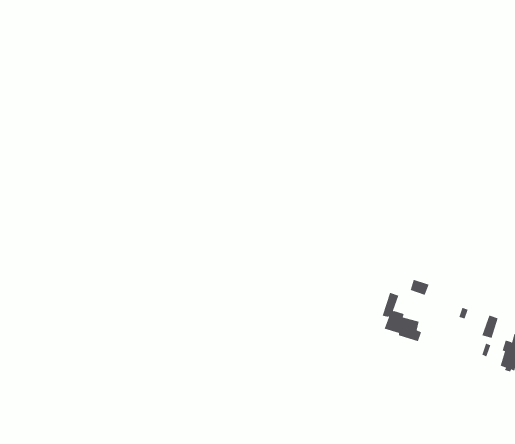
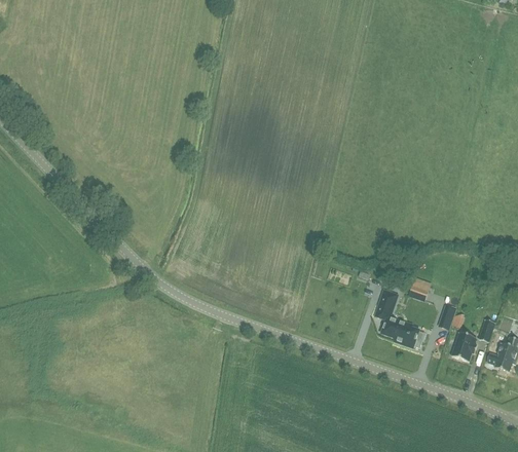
building: none -> [450,331,476,360]

